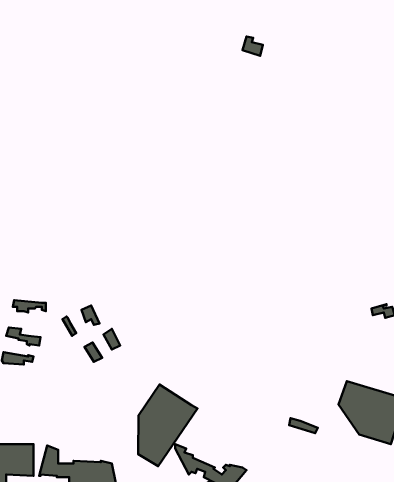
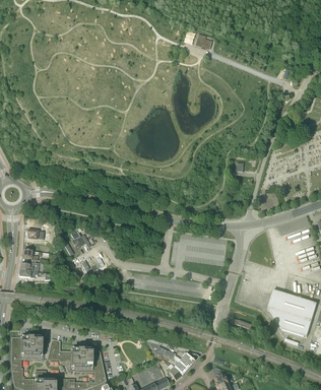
building: [138,385,197,466] -> none

